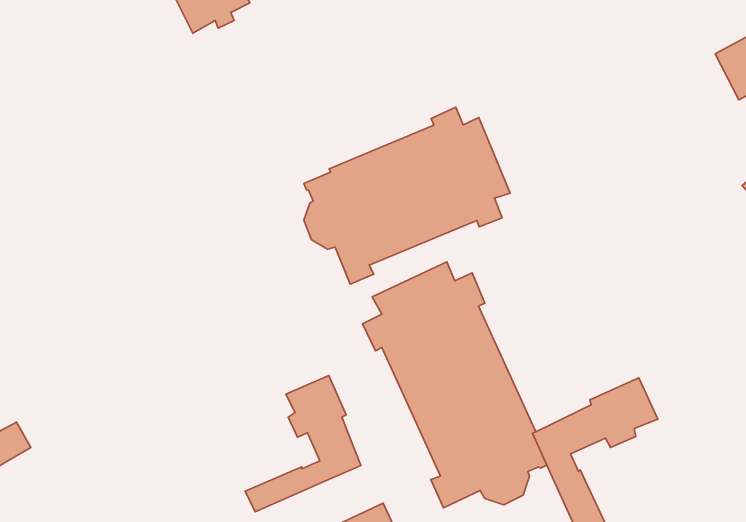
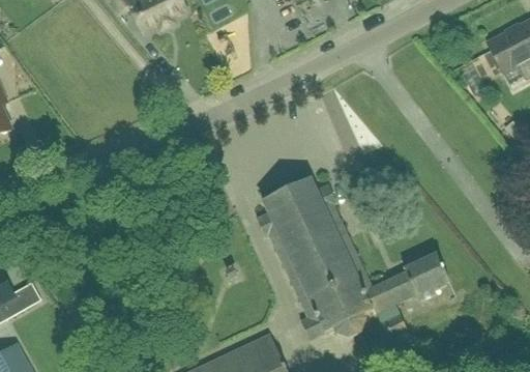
building: [304,107,510,284] -> none
building: [245,376,361,512] -> none

